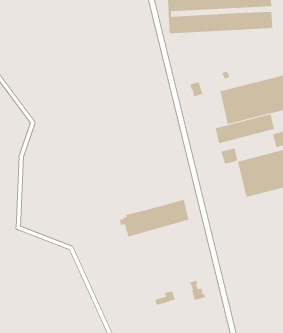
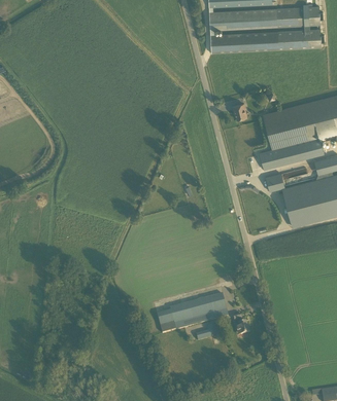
building: [119,199,189,237] -> [153,293,227,333]

